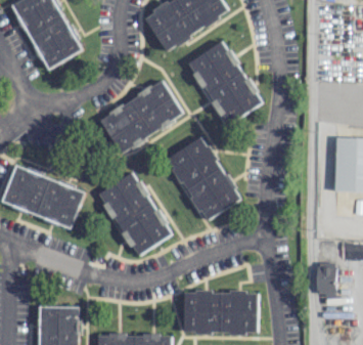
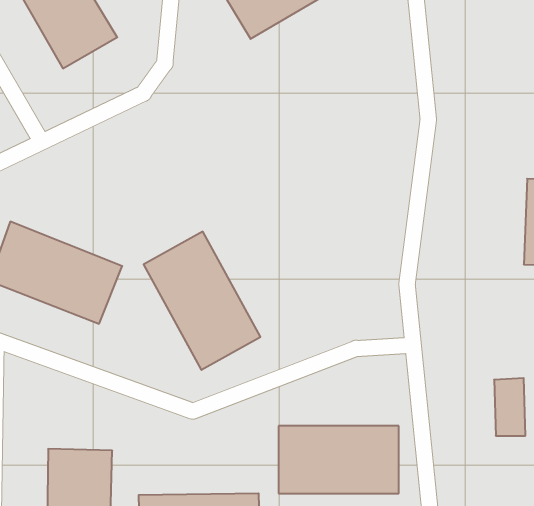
building: [187,40,263,126] -> none
building: [99,82,183,153] -> none
building: [167,136,240,221] -> none

